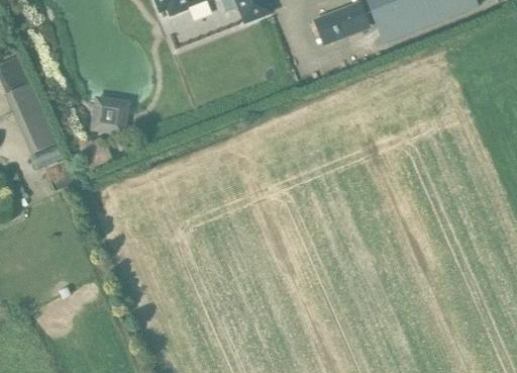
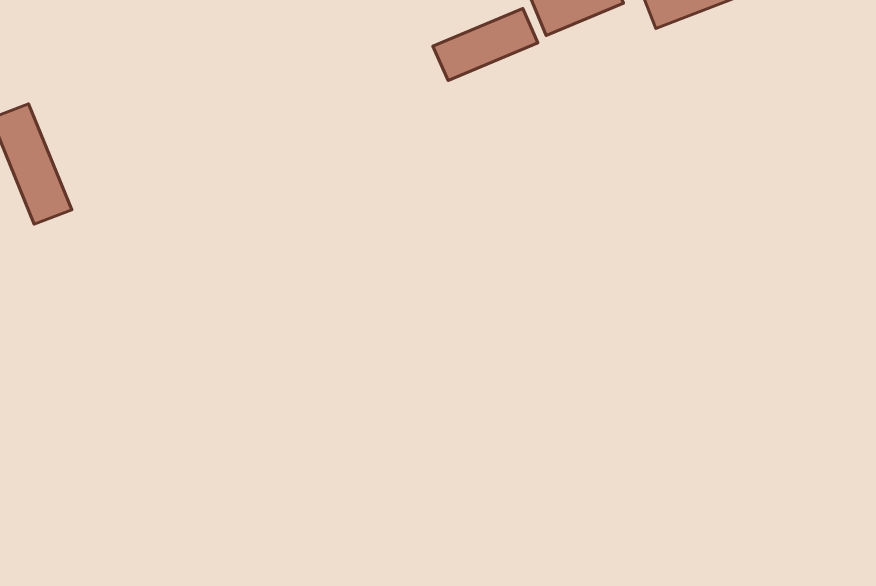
building: none -> [433,8,538,80]
building: [92,95,125,131] -> none

